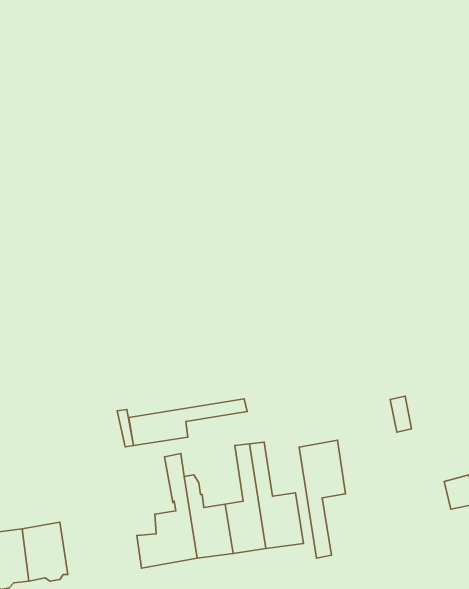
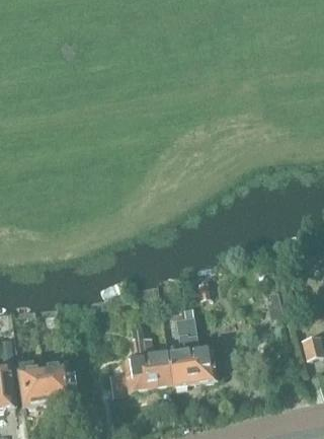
building: [129,399,247,445] -> none
building: [299,440,346,558] -> none

